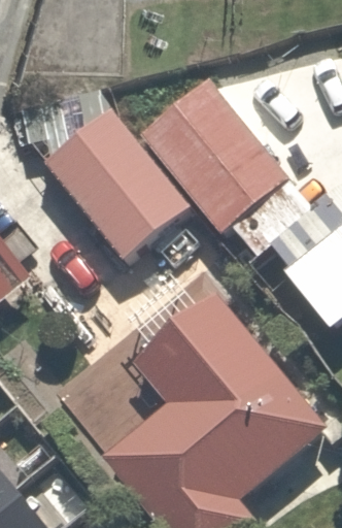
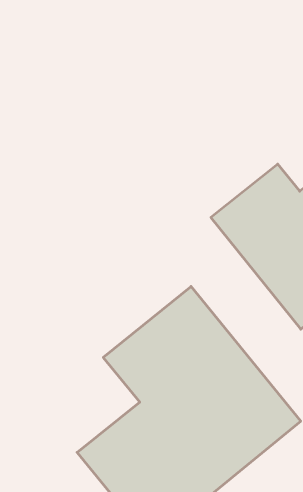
building: [158,91,283,222] -> none
building: [41,101,186,255] -> none

